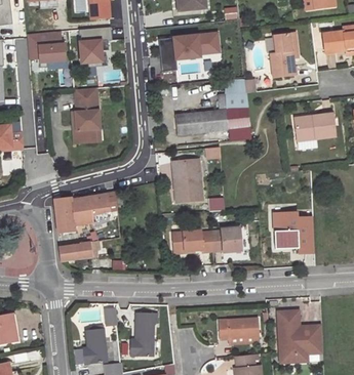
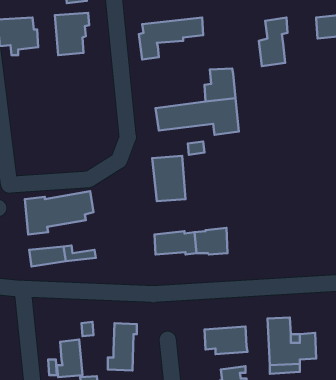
building: [71,89,99,144] -> none
building: [294,113,335,140] -> none
building: [273,211,313,253] -> none

